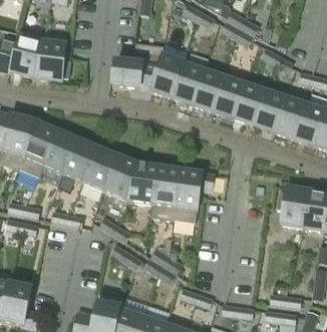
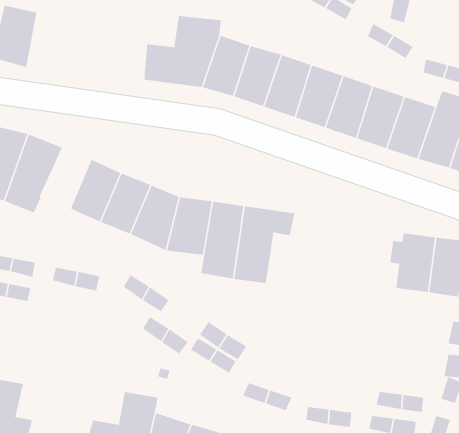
building: [34,39,70,79] -> none
building: [43,129,77,171] -> none

